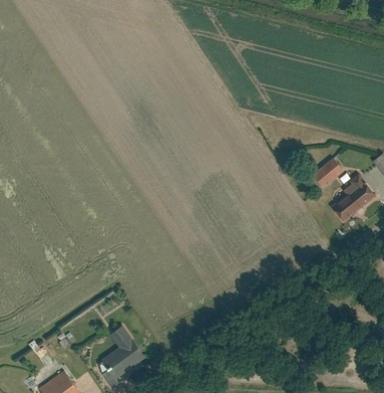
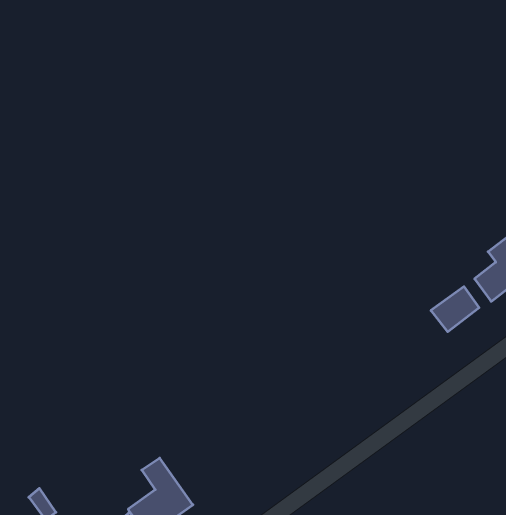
building: [312,156,344,186] -> [431,287,479,332]

